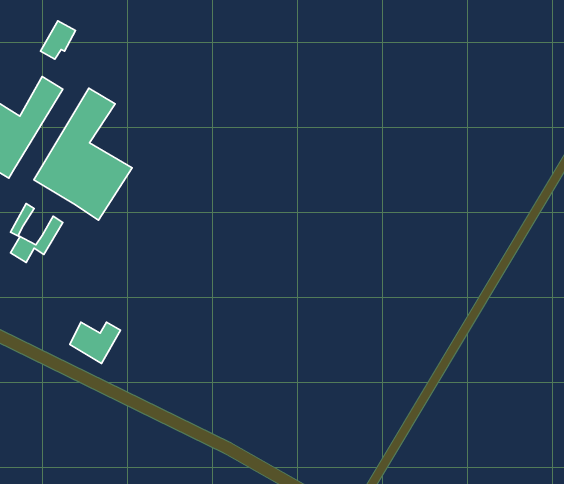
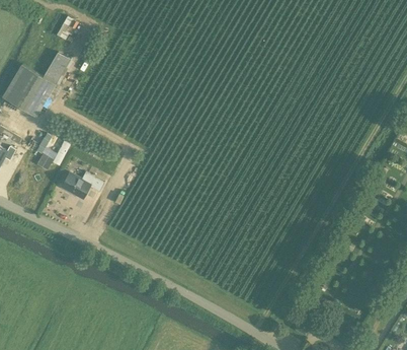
building: [34,88,132,220] -> none
building: [70,322,121,363] -> [62,172,94,199]

